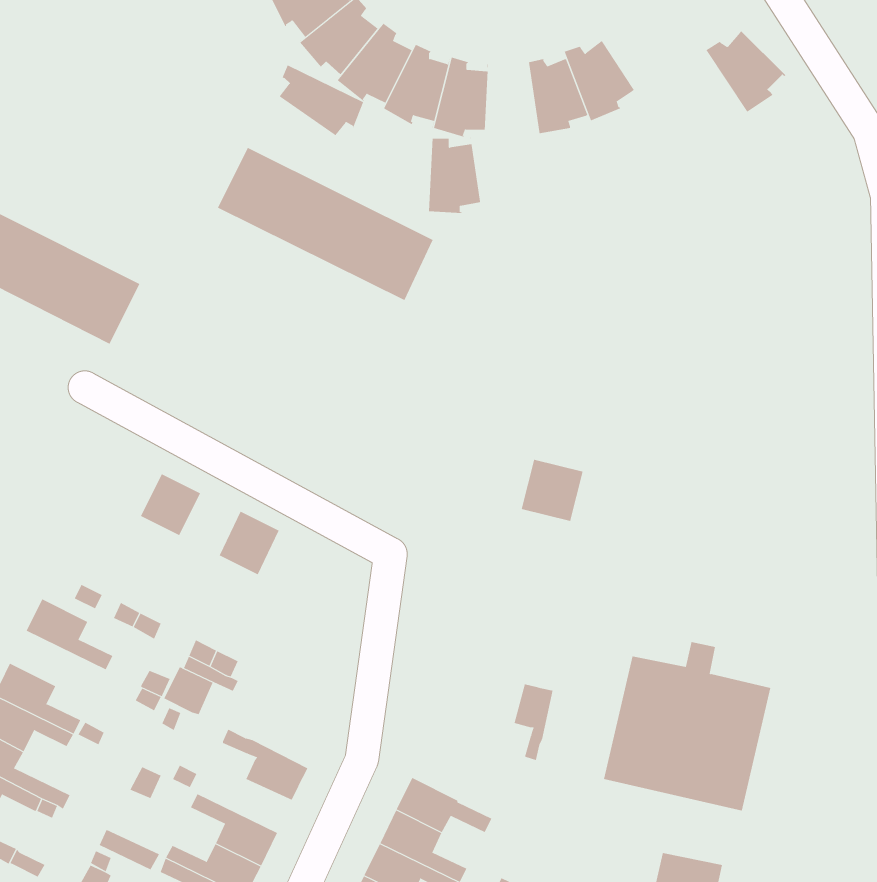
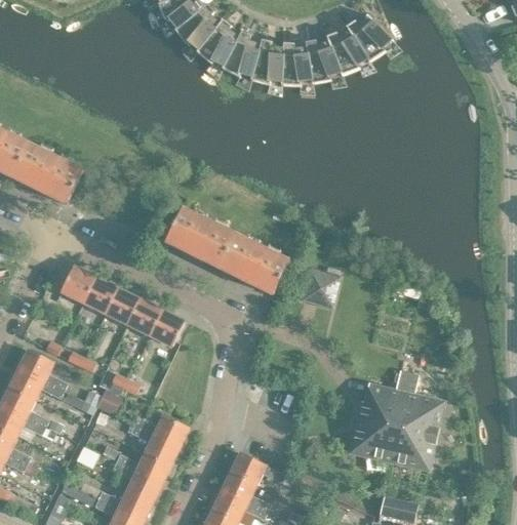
building: [706,30,786,113] -> [346,13,392,60]
building: [272,64,364,140] -> none
building: [428,137,482,213] -> [281,41,312,85]
building: [217,147,433,301] -> [165,206,289,294]
building: none -> [61,266,95,301]
building: none -> [106,288,141,324]
building: none -> [151,310,184,346]
building: none -> [8,367,64,399]
building: [514,684,553,761] -> none
building: none -> [133,414,189,446]
building: none -> [116,452,170,483]

